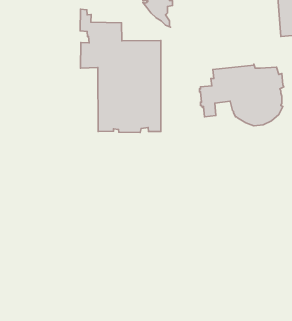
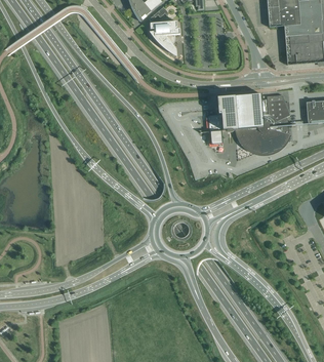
building: [80,9,161,132] -> none

